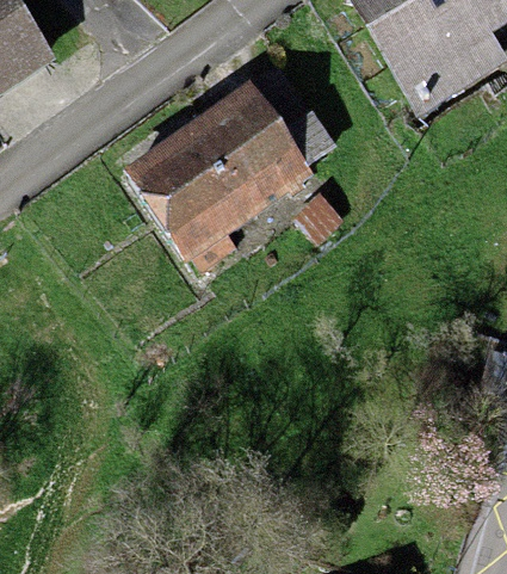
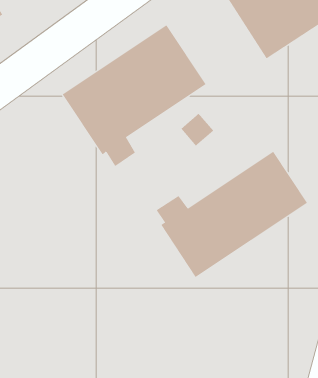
building: none -> [156,151,308,278]

